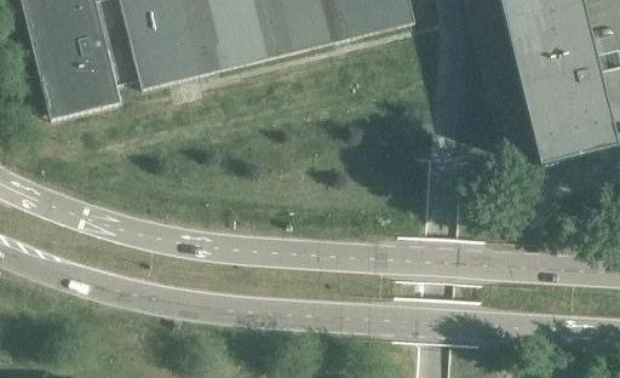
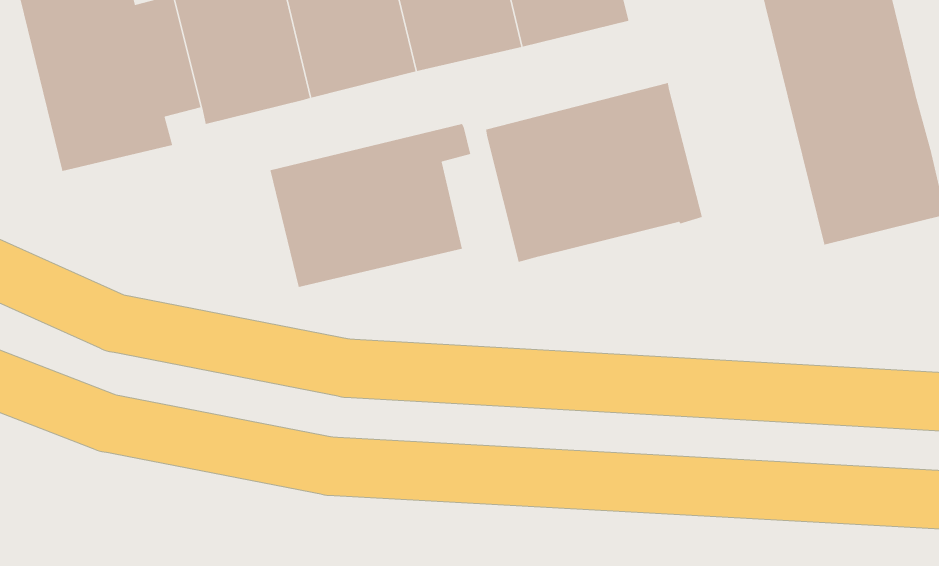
building: none -> [485,82,703,263]
building: none -> [269,123,471,288]

